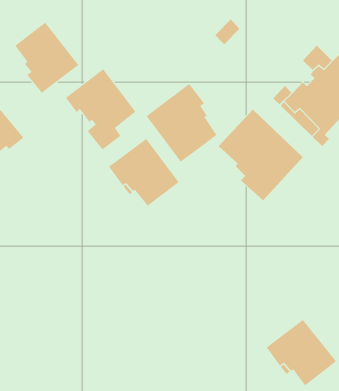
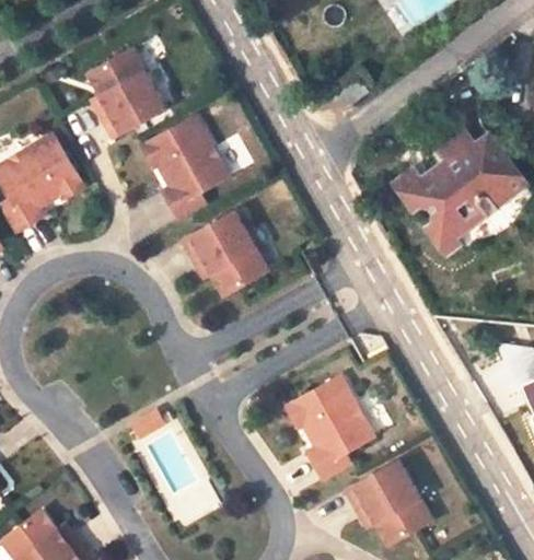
building: [146,83,217,162] -> none
building: [218,109,303,201] -> none
building: none -> [286,377,372,480]

